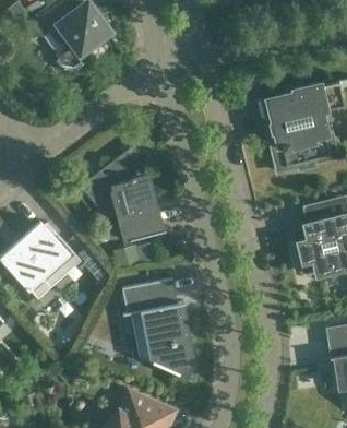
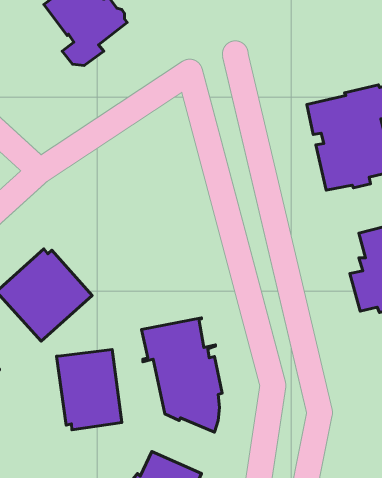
building: [81,152,166,240] -> none
building: none -> [57,349,122,430]

